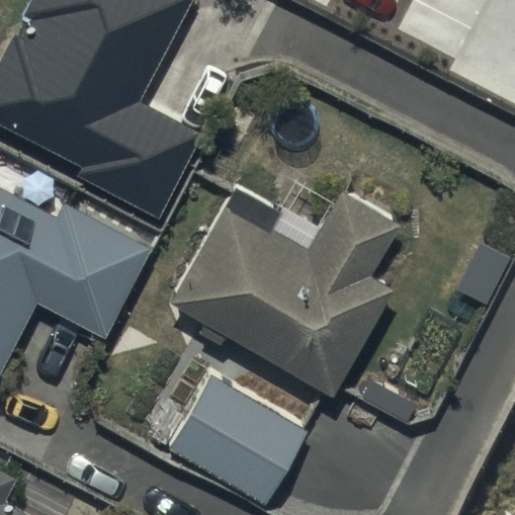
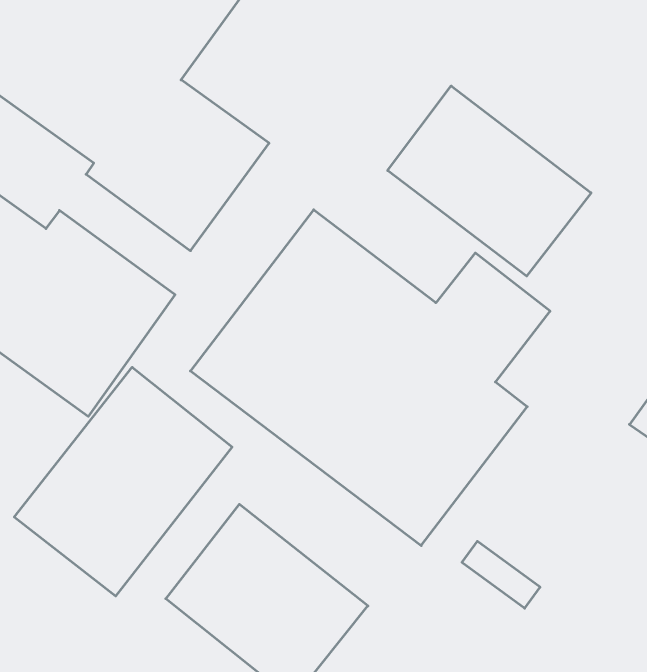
building: none -> [388,86,591,276]
building: none -> [14,367,232,596]

